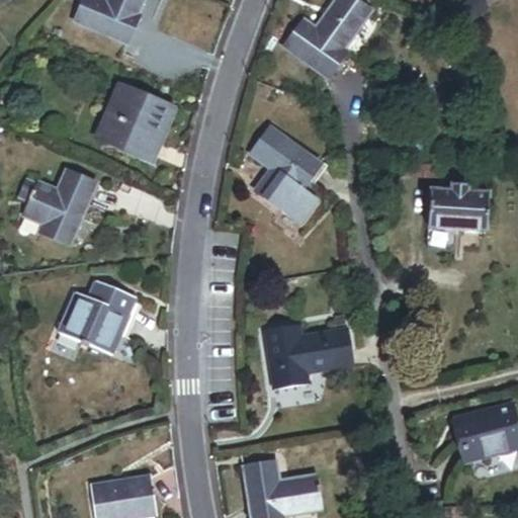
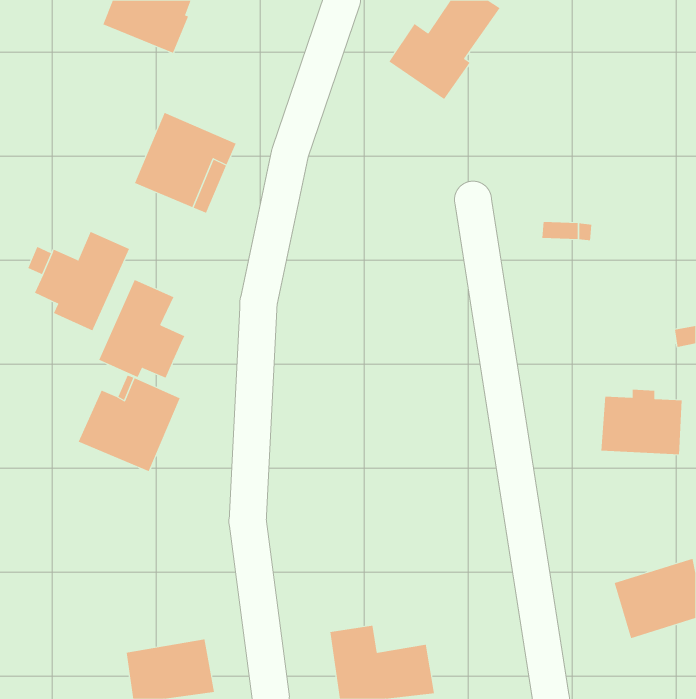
building: [252,127,318,222] -> none
building: [427,185,488,234] -> [600,389,682,455]
building: none -> [99,279,185,378]
building: [262,326,350,387] -> none

